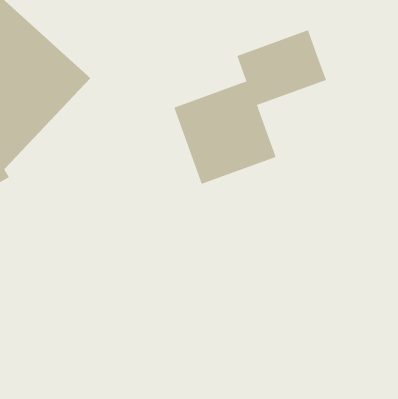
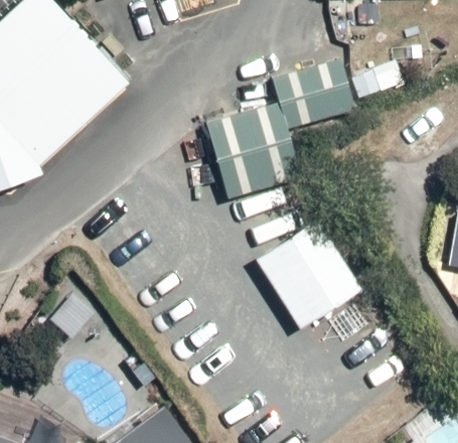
building: none -> [255,214,363,325]

